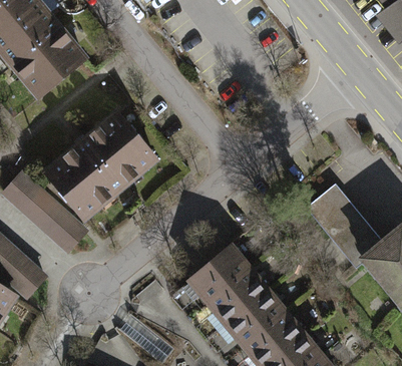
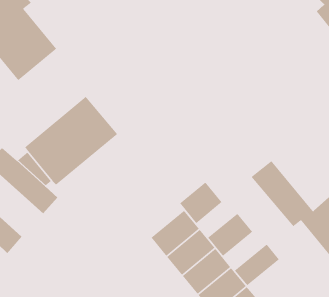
building: none -> [179,182,223,224]
building: none -> [207,213,253,257]
building: none -> [234,244,280,286]

